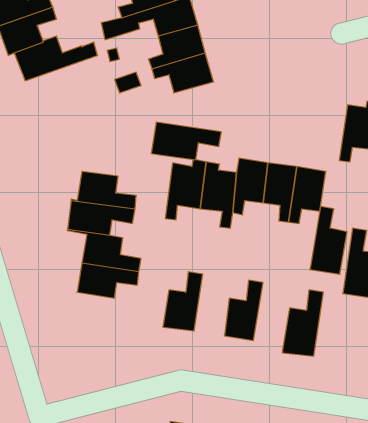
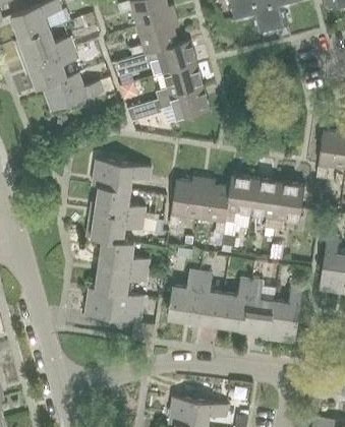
building: [151,122,221,160] -> [93,159,152,190]
building: [310,207,347,274] -> [243,280,275,337]
building: none -> [194,272,224,324]
building: none -> [85,288,145,322]

